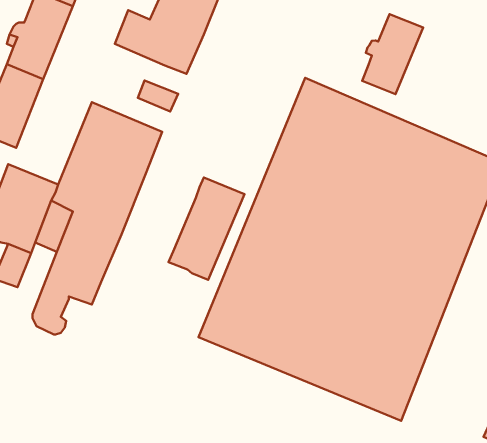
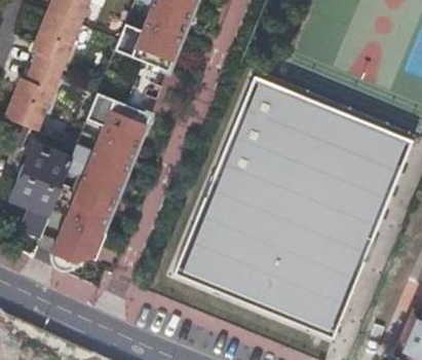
building: [362,14,423,94] -> none
building: [169,178,244,280] -> none

